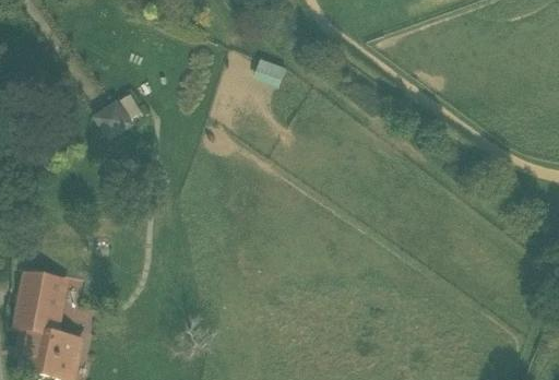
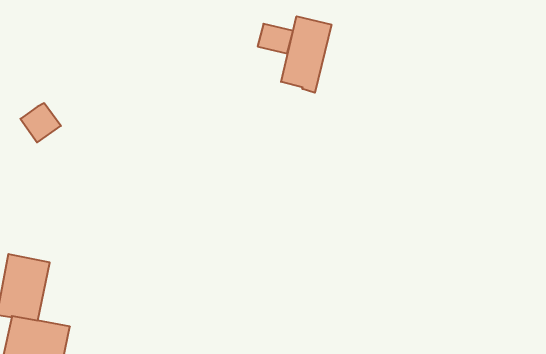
building: none -> [281,16,331,93]
building: [97,105,134,141] -> [20,103,61,142]

